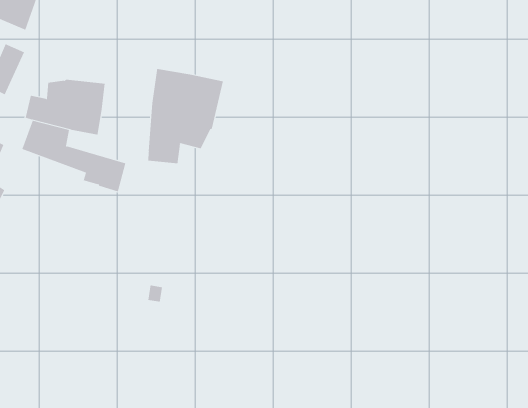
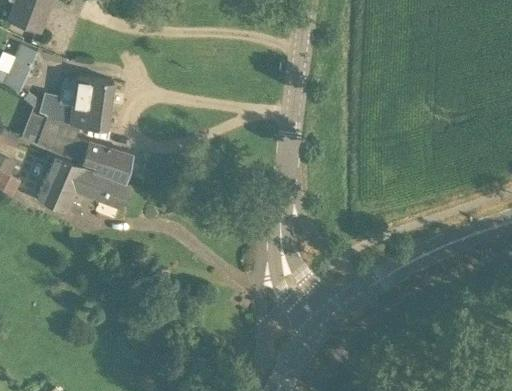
building: [148,68,223,164] -> none
building: none -> [35,156,128,213]

